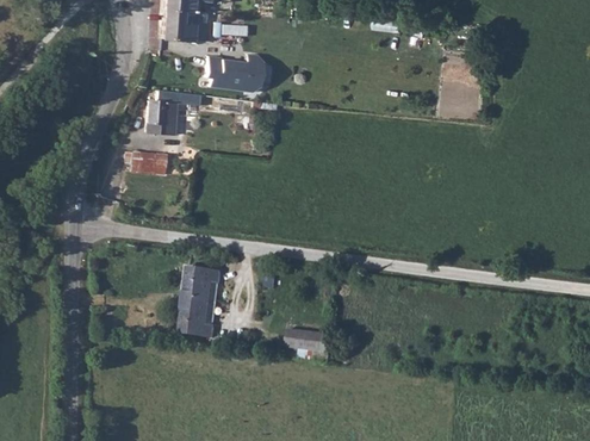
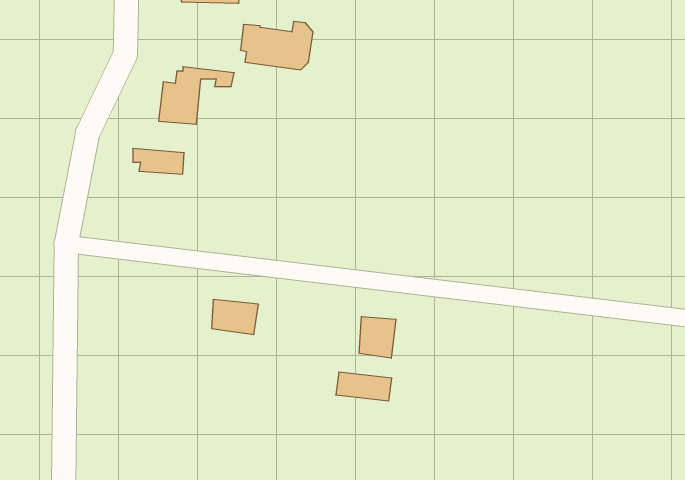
building: none -> [359,316,396,358]
building: [181,296,219,341] -> none

